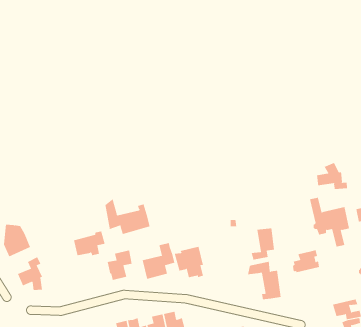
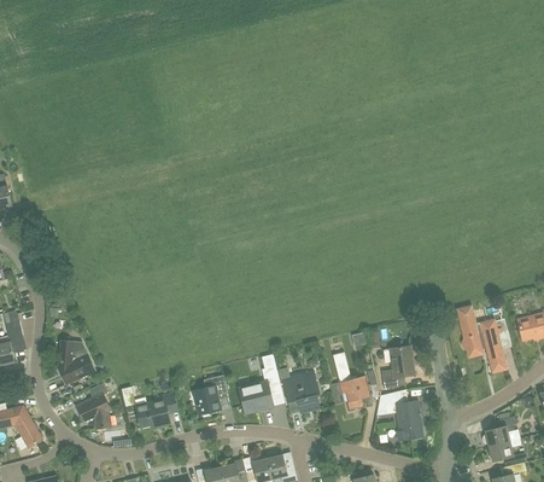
building: [316,162,348,190] -> none
building: [105,198,150,235] -> none
building: [73,231,105,256] -> [135,394,177,426]
building: none -> [335,361,369,410]
building: [292,250,320,273] -> [482,416,519,446]

